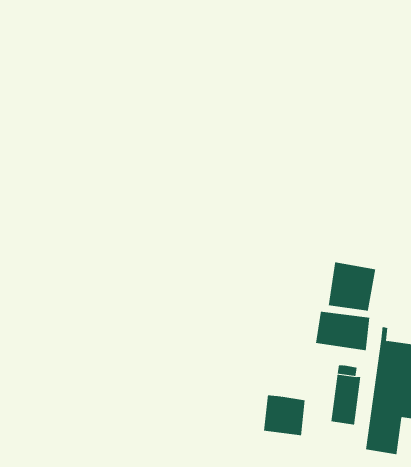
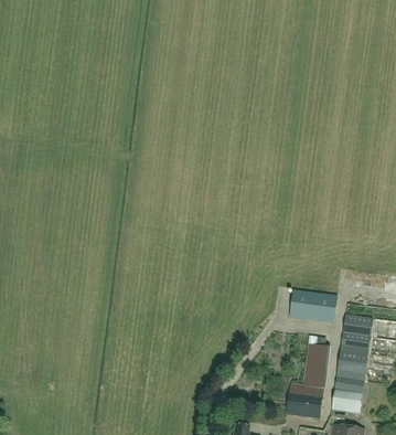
building: [328,262,376,311] -> none
building: [263,395,306,436] -> [287,382,323,417]

